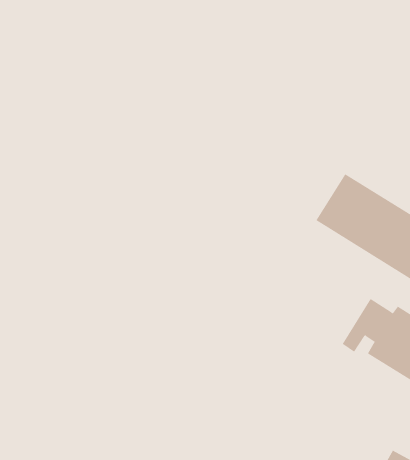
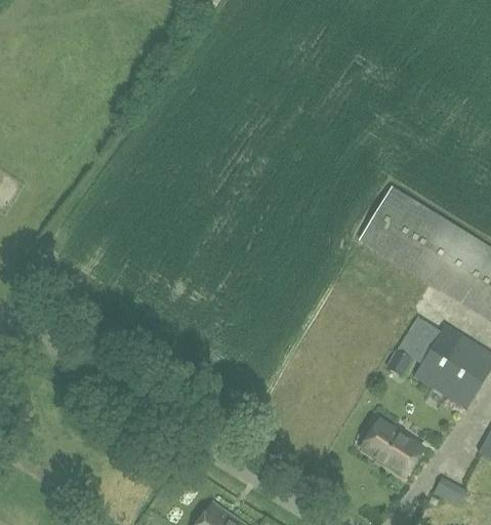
building: none -> [362,419,425,478]

